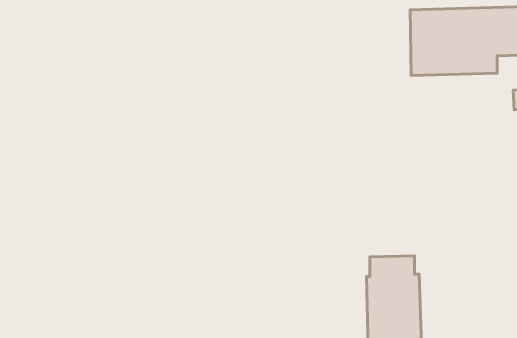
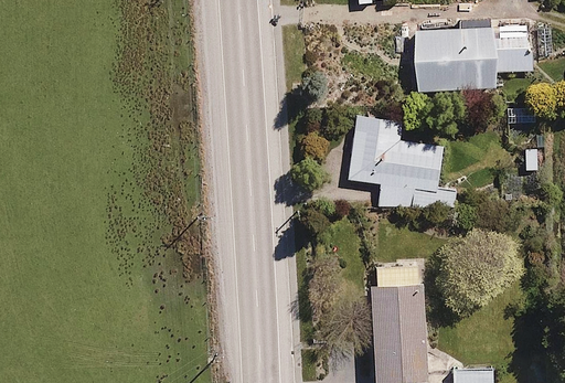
building: none -> [352,116,456,210]

